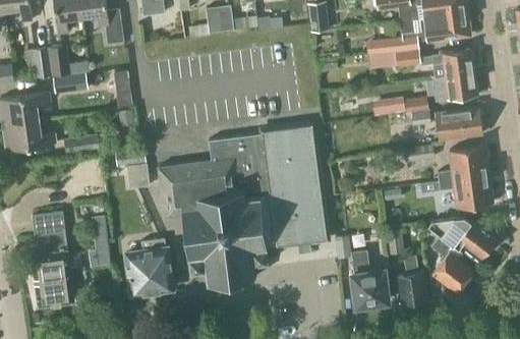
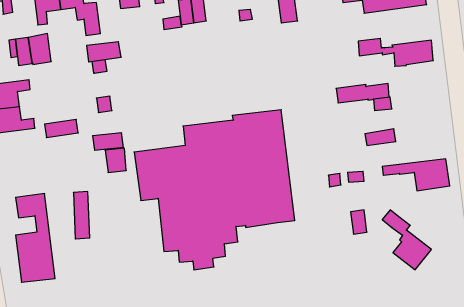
building: [365,12,470,54] -> none
building: [432,71,477,101] -> none
building: [52,72,89,94] -> [87,42,121,62]
building: [435,109,482,139] -> none
building: [436,147,487,181] -> none
building: [428,217,495,260] -> none
building: [336,237,387,306] -> none
building: [126,239,170,293] -> none
building: [397,259,426,304] -> none

